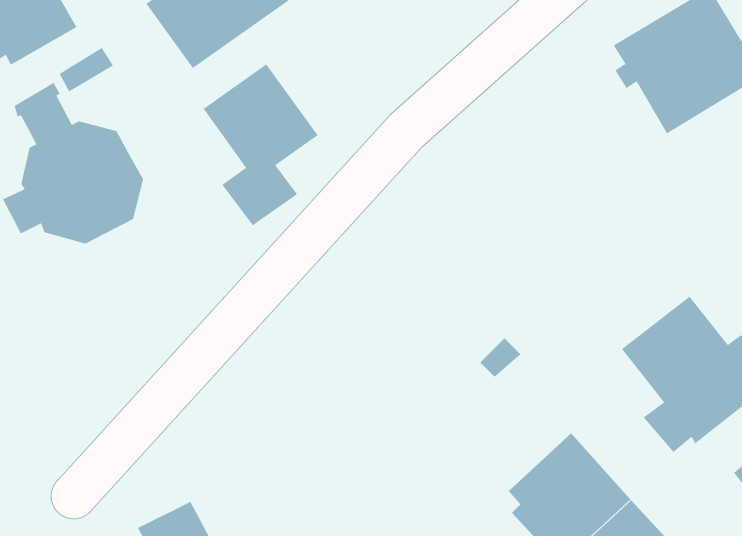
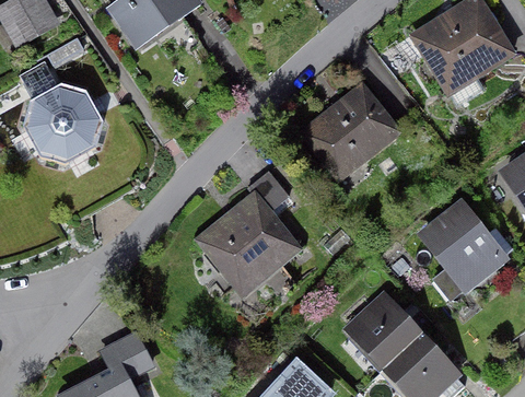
building: [203,63,319,226] -> none
building: none -> [298,80,402,183]
building: none -> [194,170,304,297]

